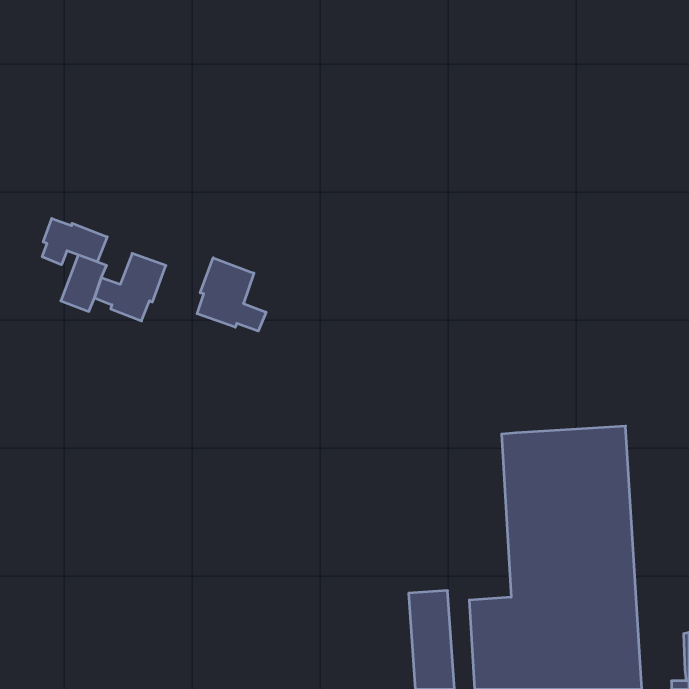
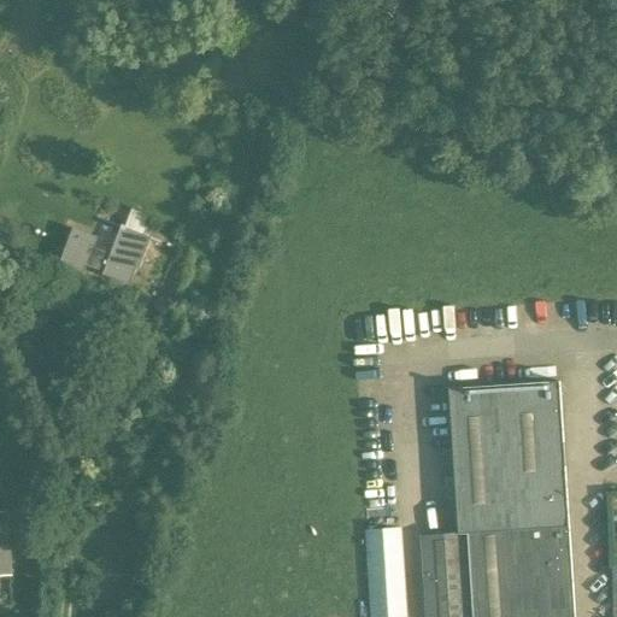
building: [42,218,107,265] -> none
building: [197,258,266,331] -> none

